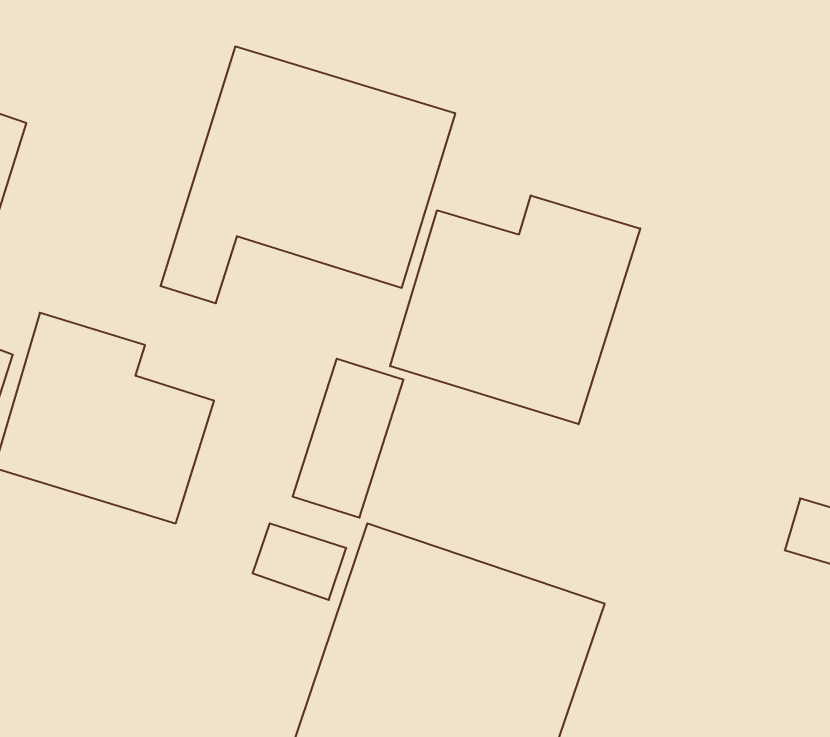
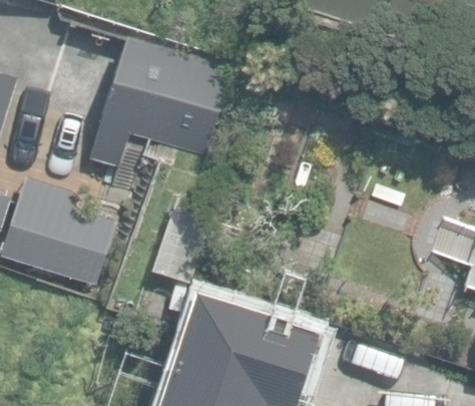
building: [390,195,640,424] -> none

